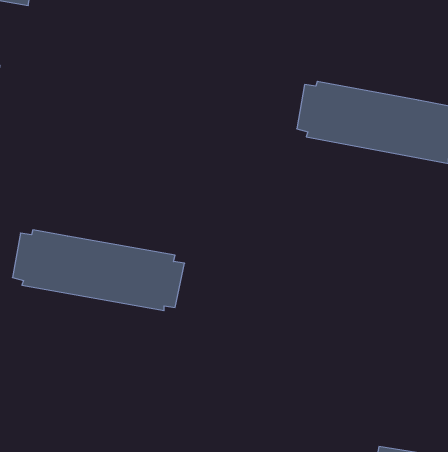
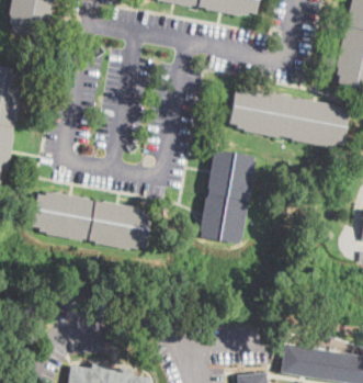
building: none -> [201,149,254,244]

